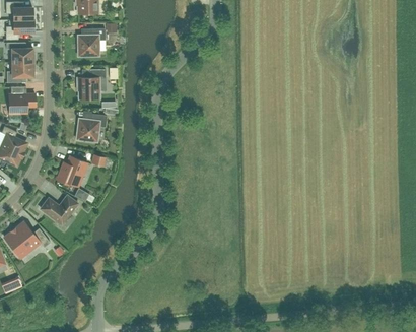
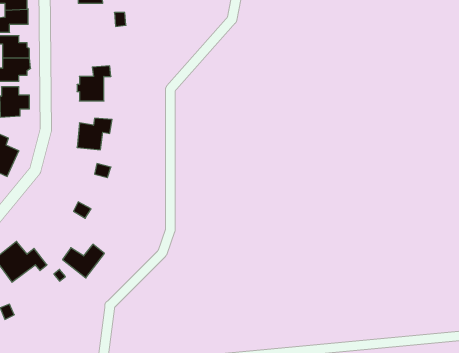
building: [77,28,105,56] -> none
building: [57,156,85,185] -> none
building: [41,195,77,224] -> [63,244,104,278]

